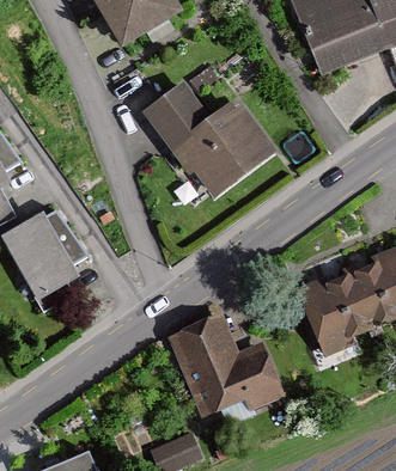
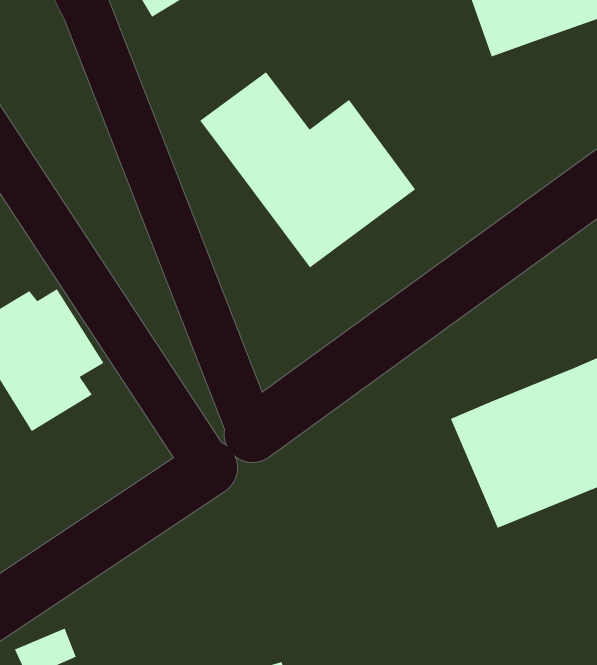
building: [170,317,281,418] -> none

